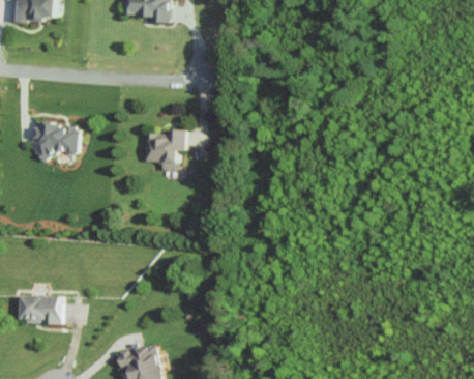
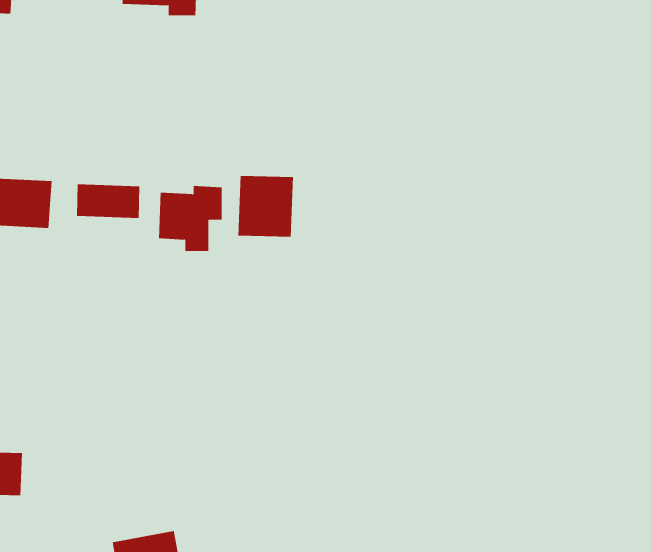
building: none -> [238,175,293,237]
building: none -> [77,184,140,219]

